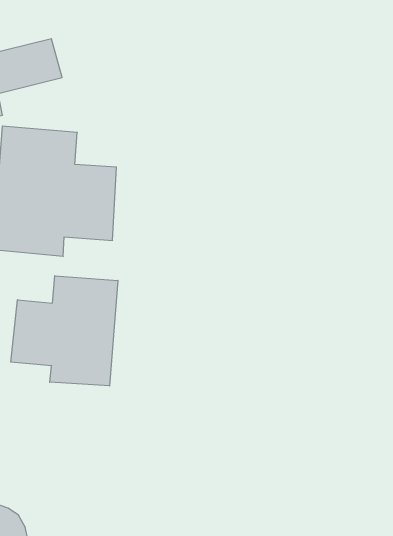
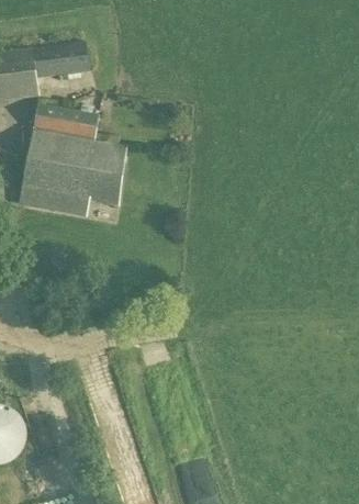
building: [11,276,118,386] -> none

